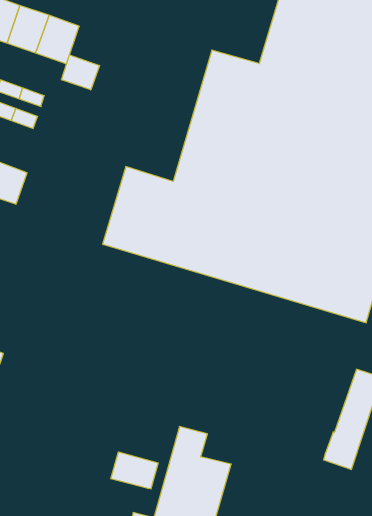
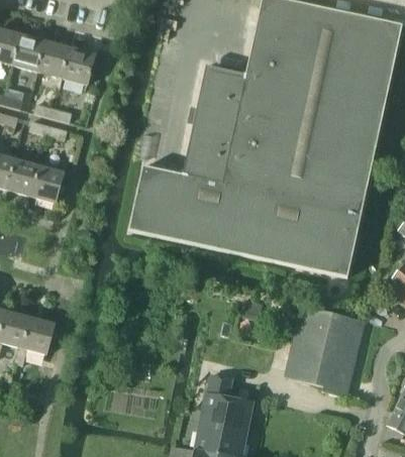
building: [62,55,100,90] -> none
building: none -> [285,305,343,385]
building: [111,452,158,489] -> none

